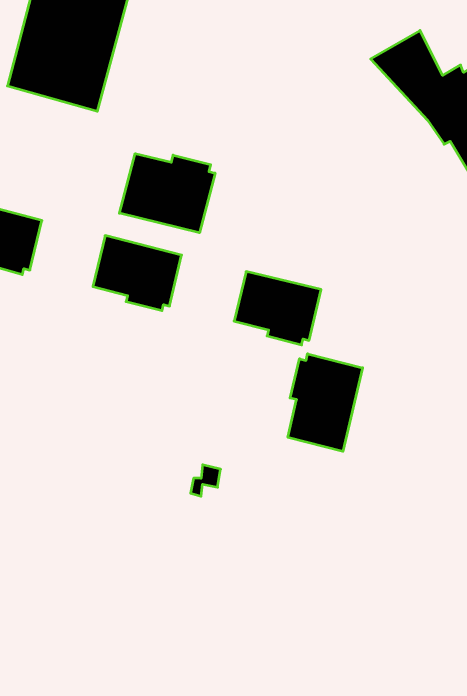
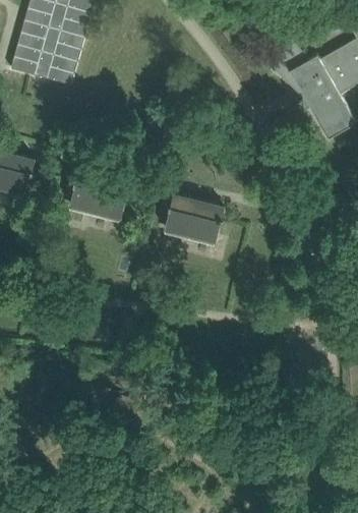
building: [119,154,215,233] -> none
building: [288,354,363,451] -> none

